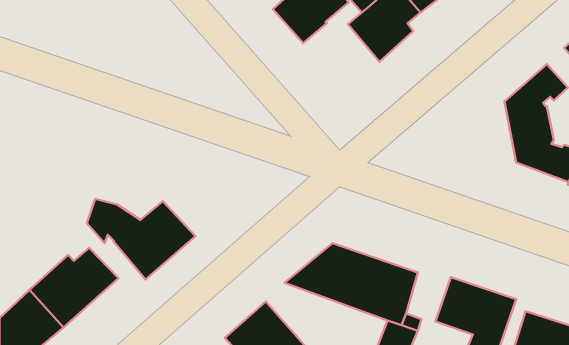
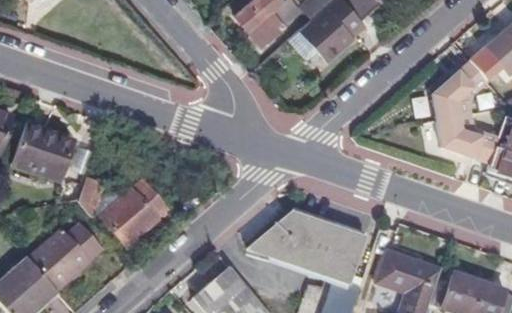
building: none -> [7,125,71,182]

